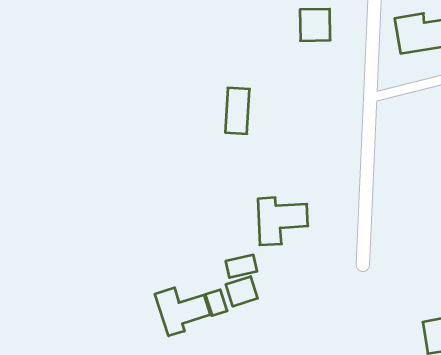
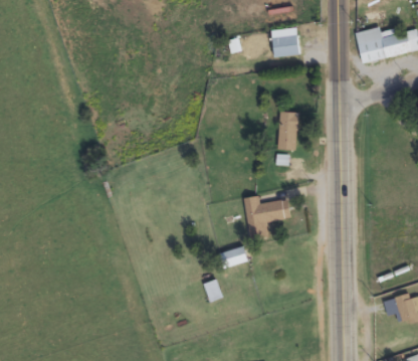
building: [225,88,250,134] -> [278,112,297,151]
building: [226,276,258,306] -> none
building: [155,288,210,336] -> none

